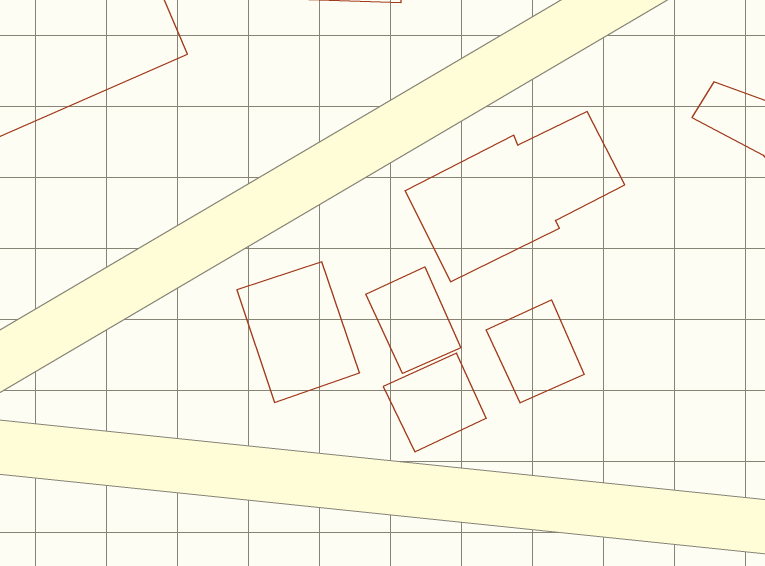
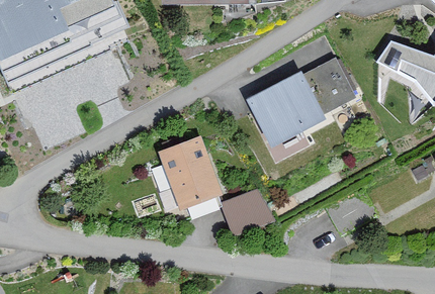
building: [366,267,461,373] -> none
building: [486,300,584,403] -> none

